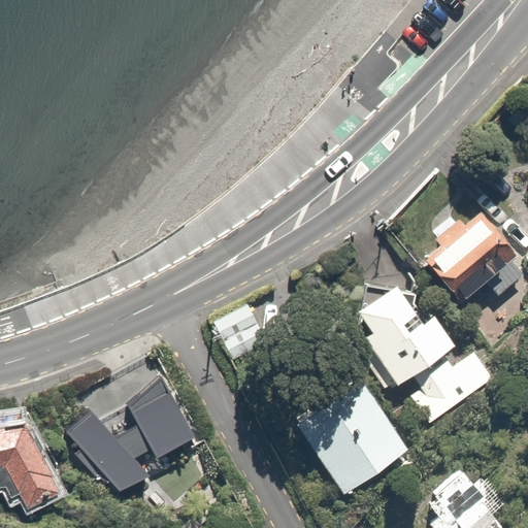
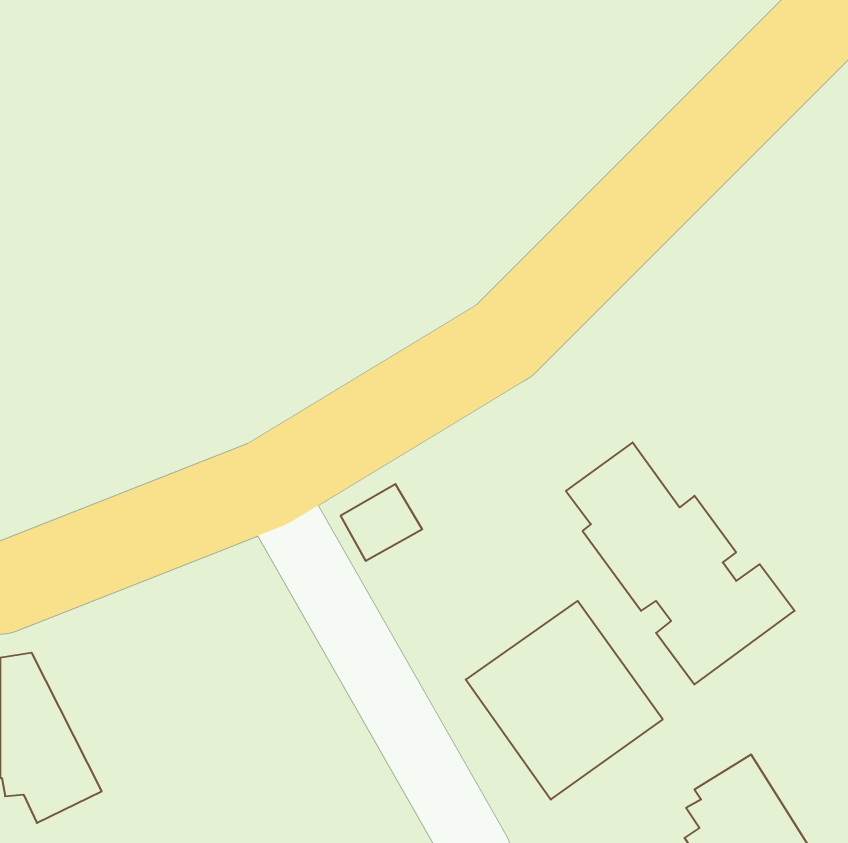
building: [426,213,518,286] -> none
building: [66,382,191,494] -> none

